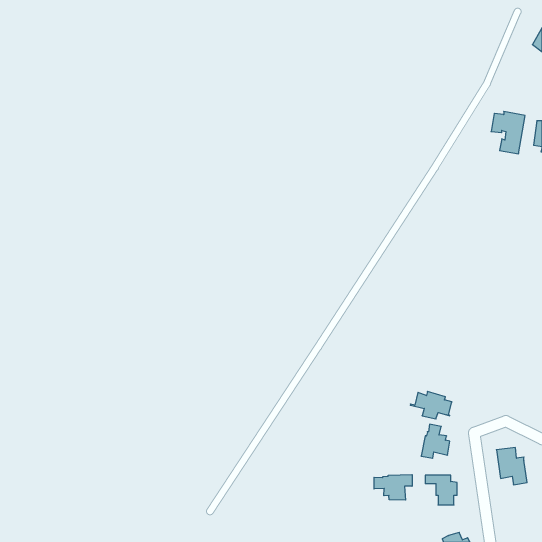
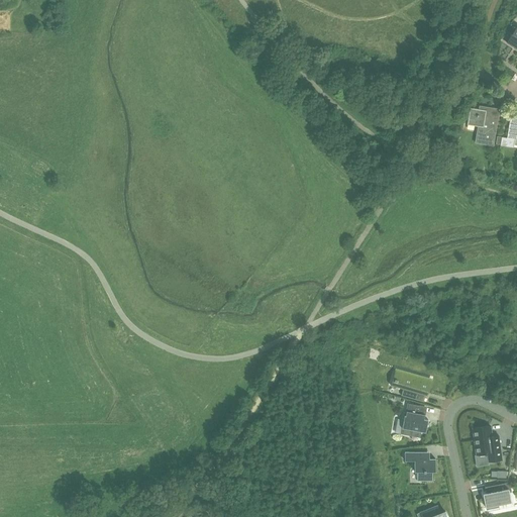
building: [374,475,412,500] -> none
building: none -> [483,483,511,509]

